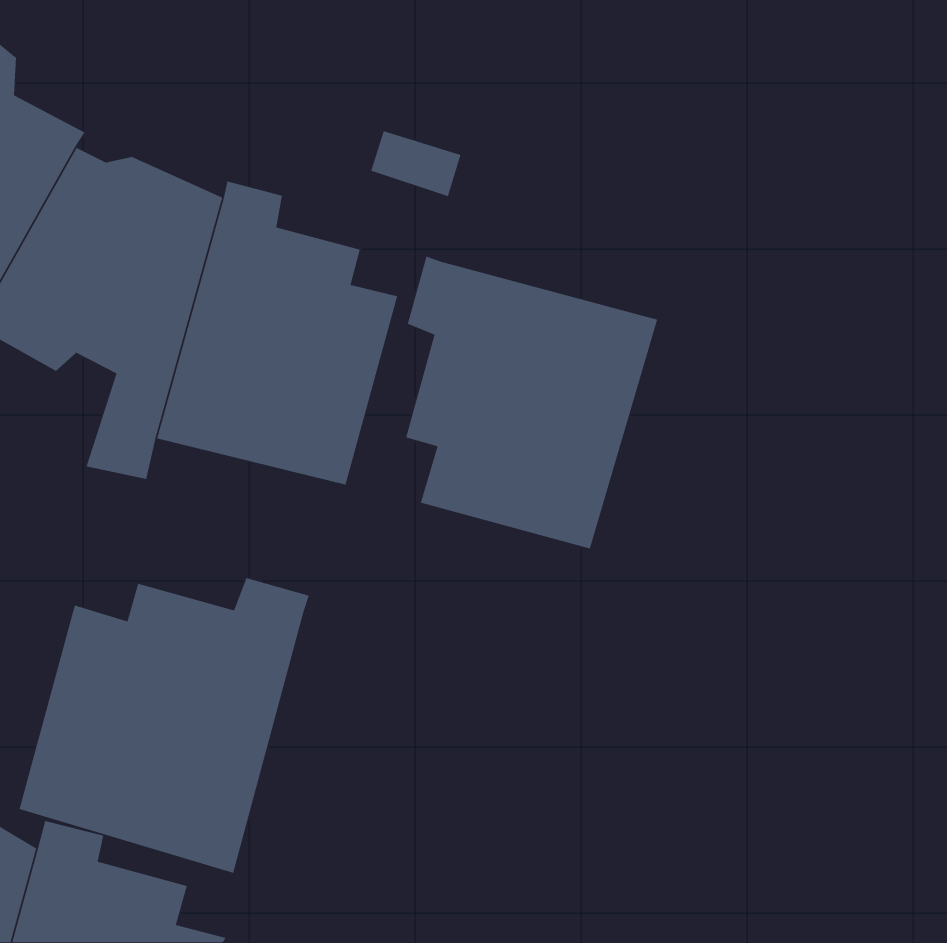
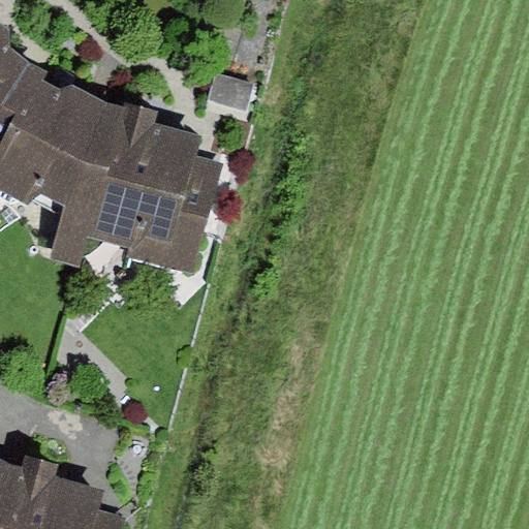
building: [405,256,658,550] -> none
building: [19,577,310,874] -> none

